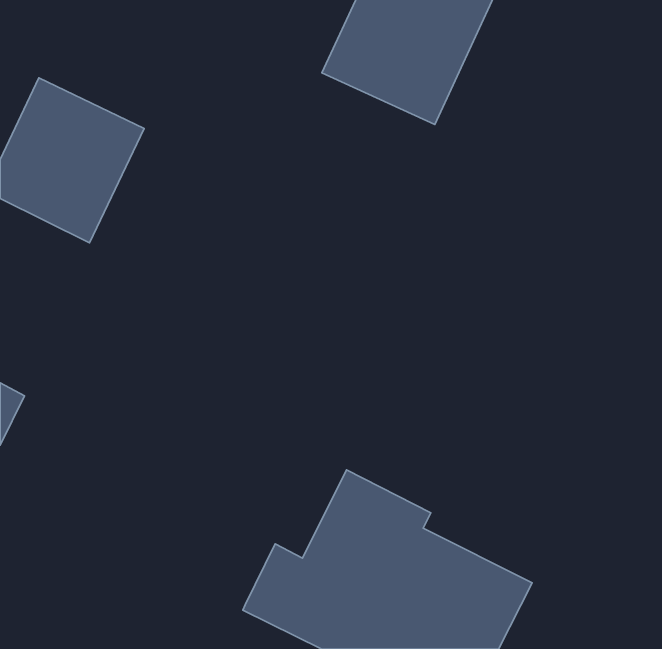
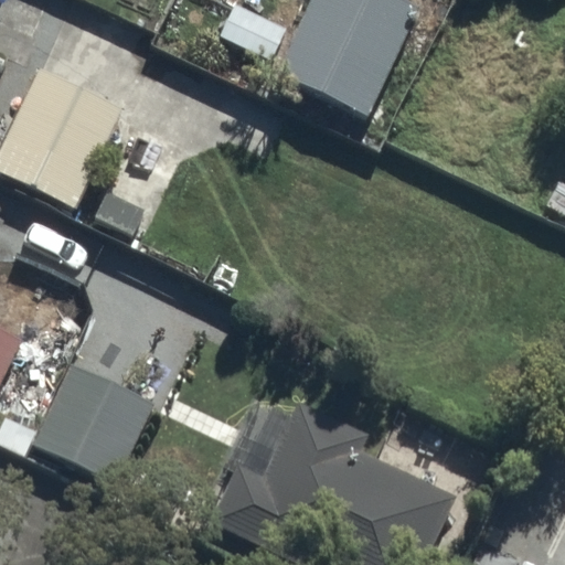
building: none -> [30,360,151,480]

